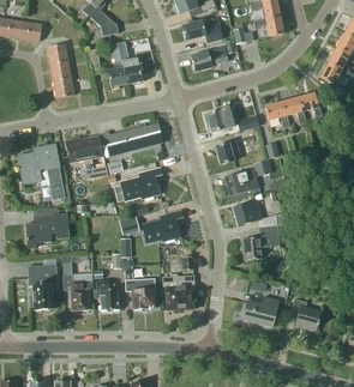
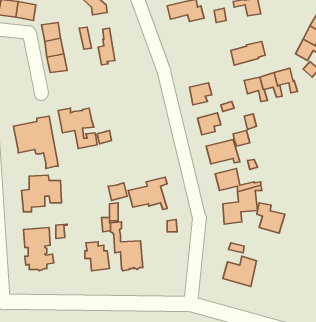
building: [112,41,142,84] -> none
building: [191,46,228,71] -> [231,42,265,65]
building: [100,123,162,157] -> none
building: [114,167,161,201] -> none
building: [162,273,196,309] -> none
building: [70,279,92,309] -> none
building: [292,298,322,331] -> [257,203,285,233]

